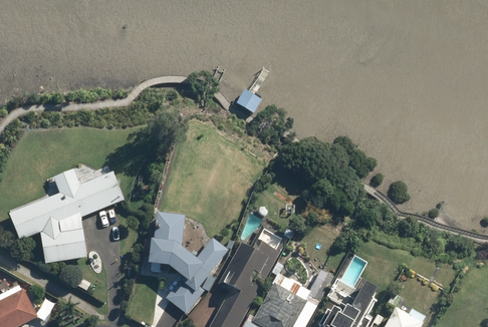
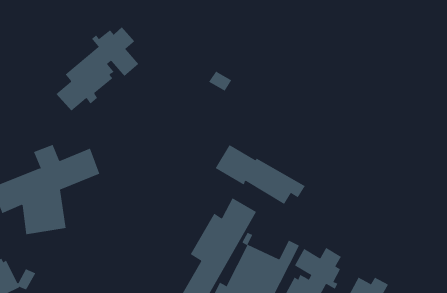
building: none -> [56,27,139,111]
building: none -> [215,144,305,205]
building: [149,213,229,315] -> none

